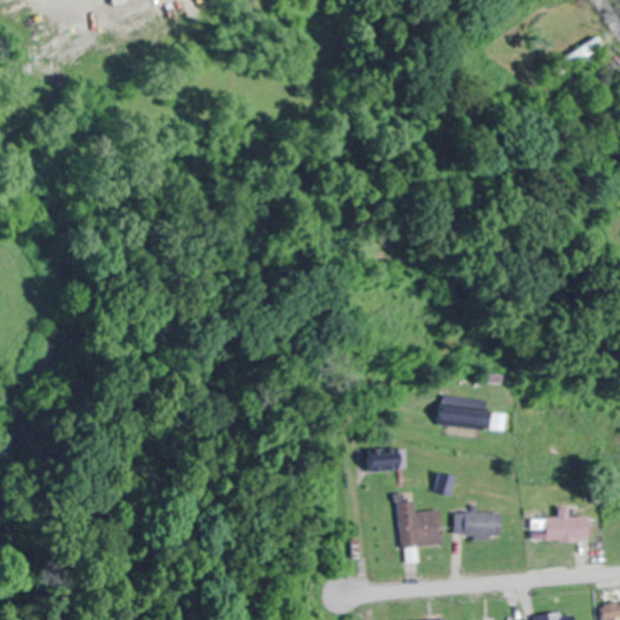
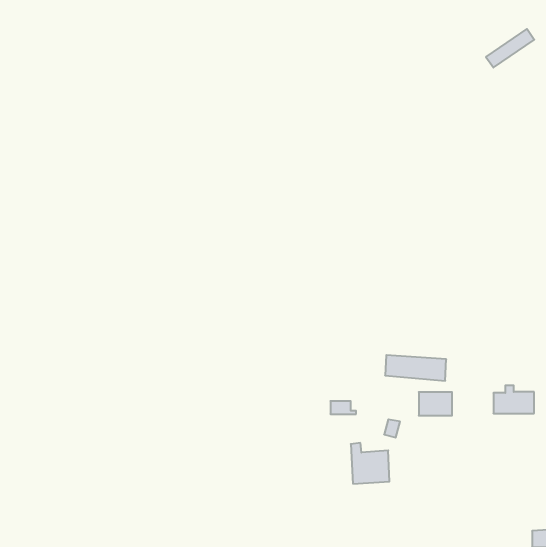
building: [544,507,590,539] -> [493,385,534,413]
building: [464,510,501,536] -> [419,392,452,416]

